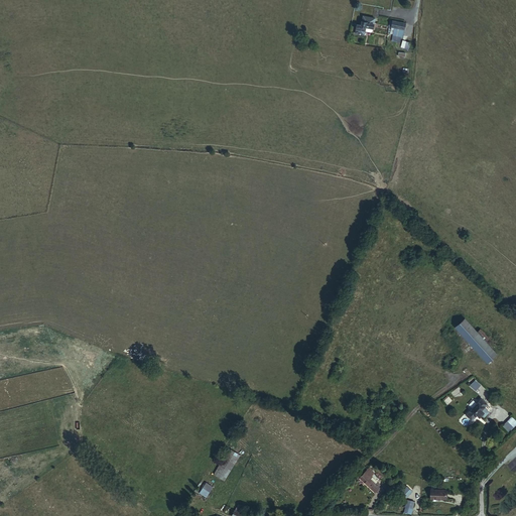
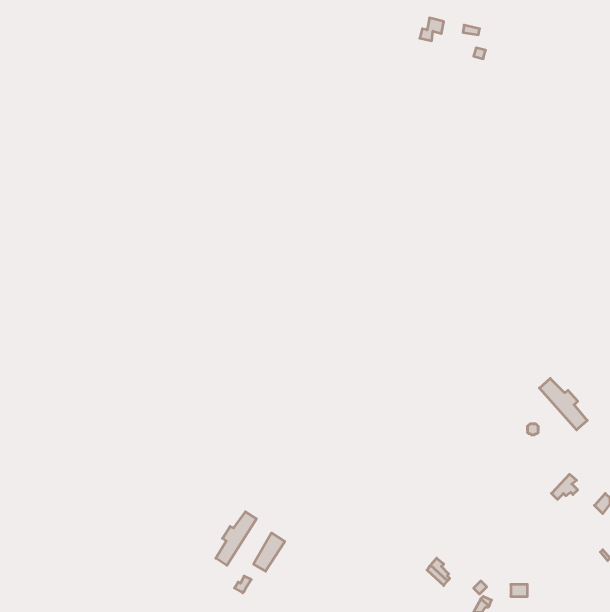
building: none -> [216,512,256,565]

